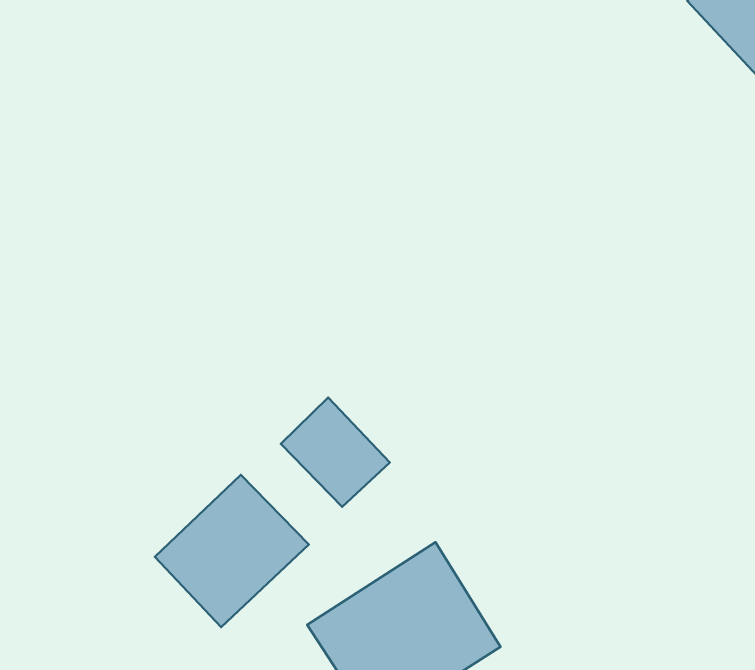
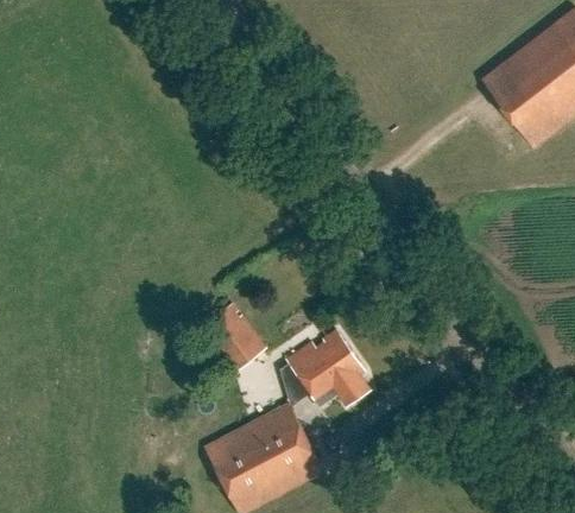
building: none -> [288,329,372,407]
building: [155,475,309,627] -> none

